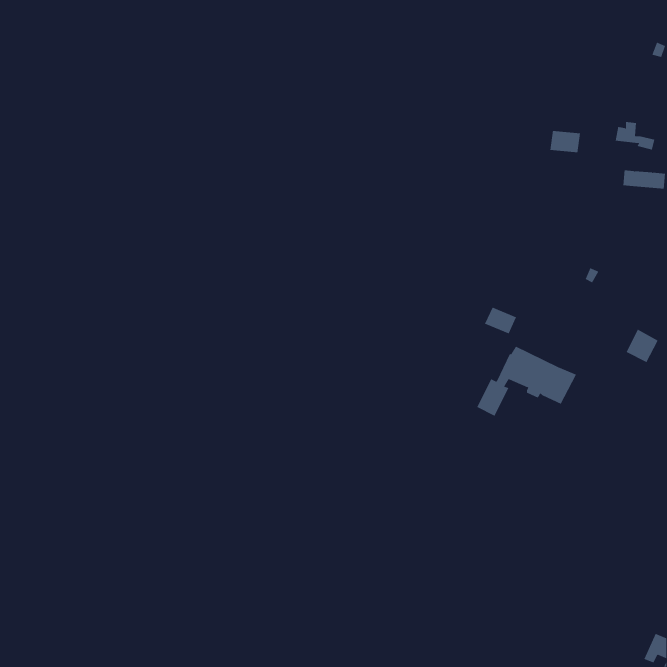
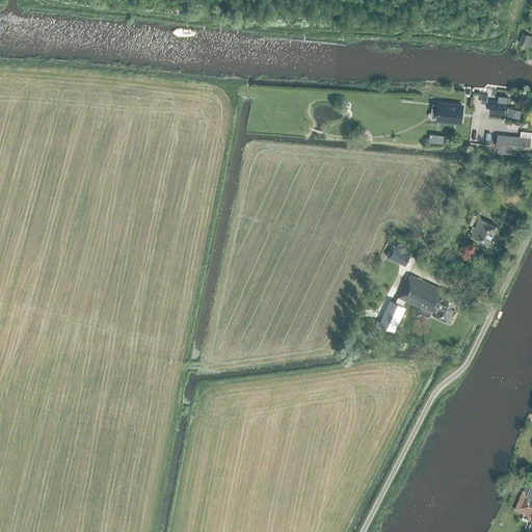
building: [626,329,658,363] -> [471,218,497,245]

